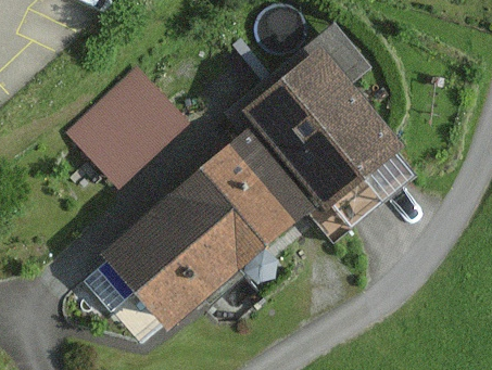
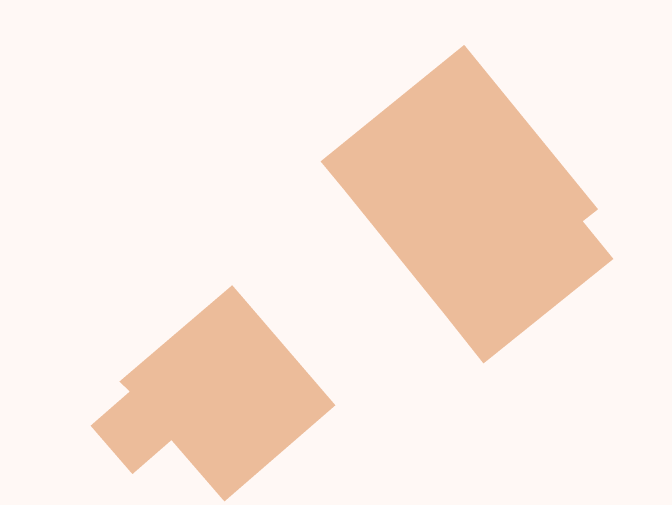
building: [64,66,188,190] -> none
building: [172,132,306,269] -> none

